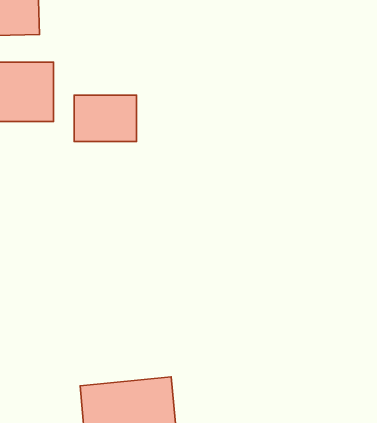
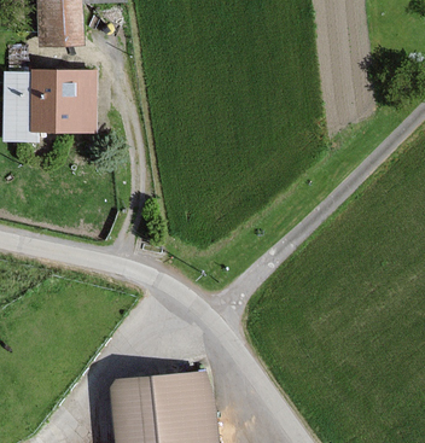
building: [74,95,137,141] -> none

